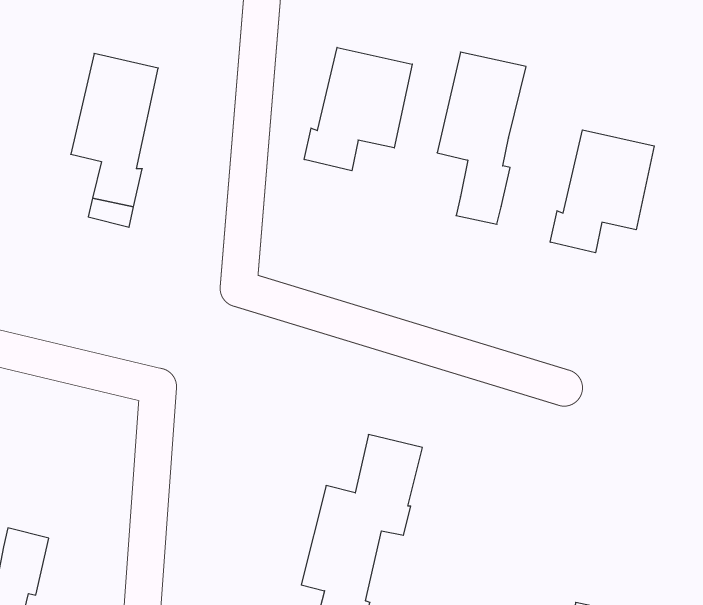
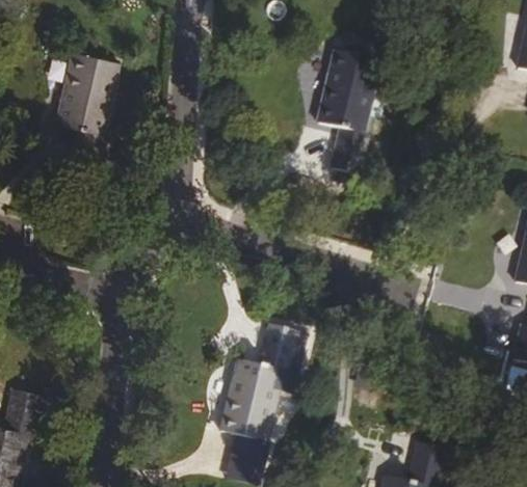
building: [304,47,412,171] -> none
building: [550,130,654,253] -> none

